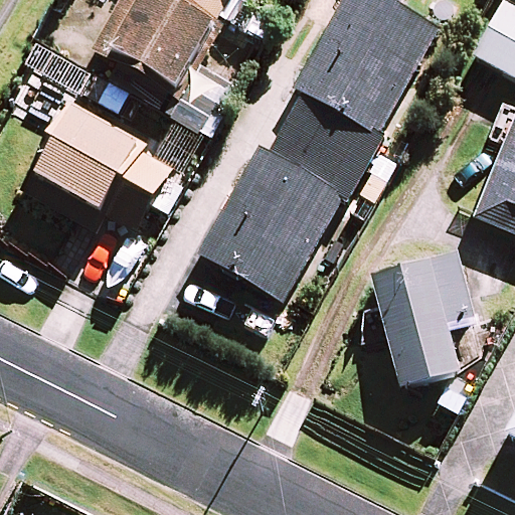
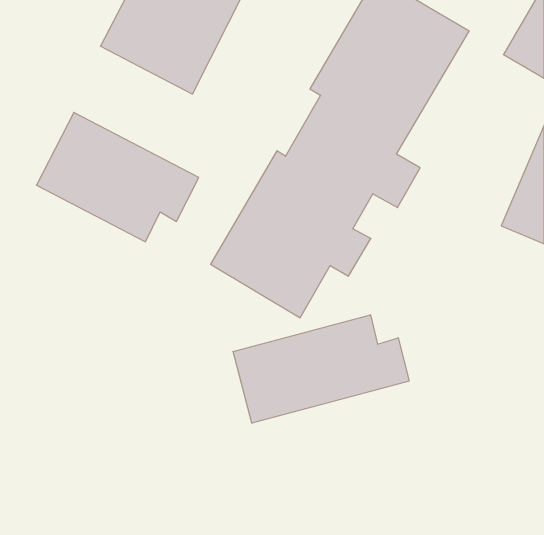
building: [370,250,473,383] -> none
building: none -> [233,315,409,423]

